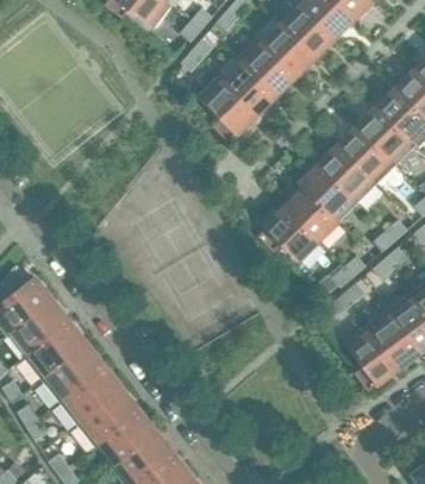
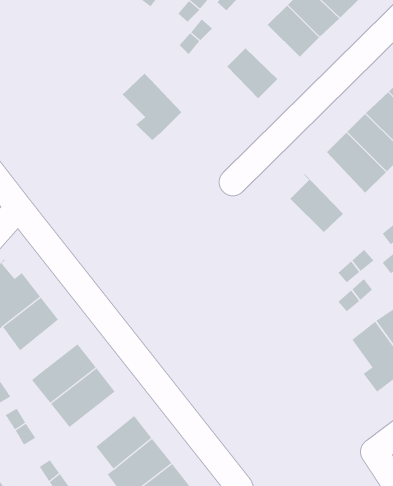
building: [238,37,295,94] -> none
building: [199,76,256,140] -> [122,73,182,141]
building: [300,163,357,222] -> none
building: [257,207,318,259] -> none
building: [31,321,86,372] -> none
building: [77,389,139,446] -> none

